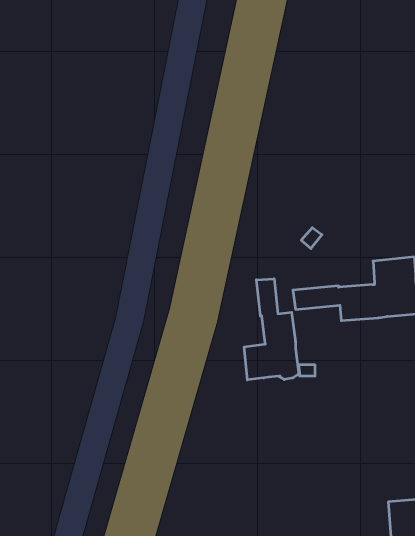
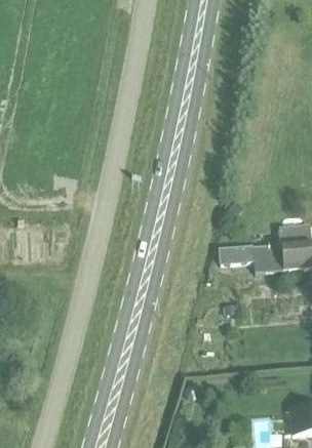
building: [244,279,299,380] -> none

